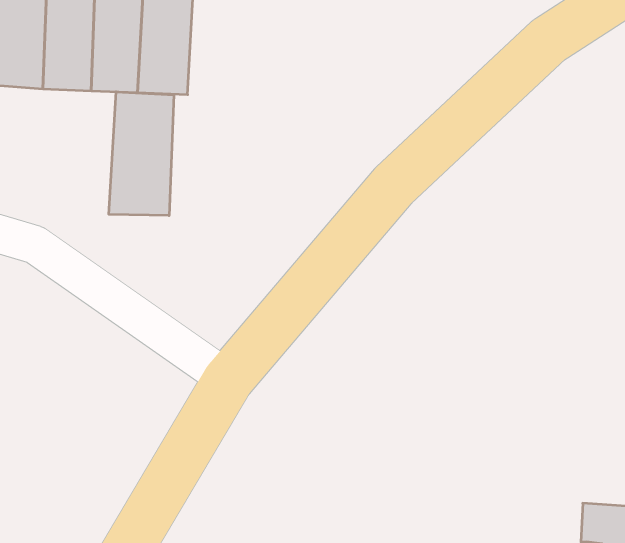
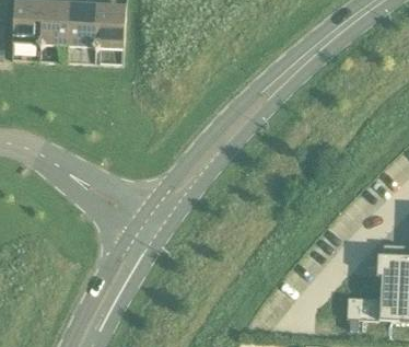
building: [109,92,174,216] -> none

